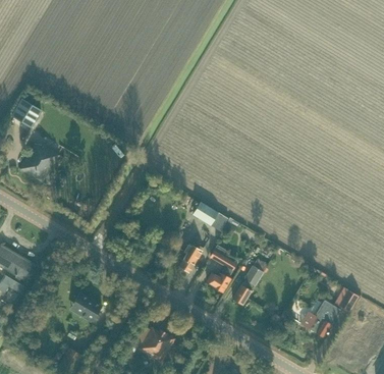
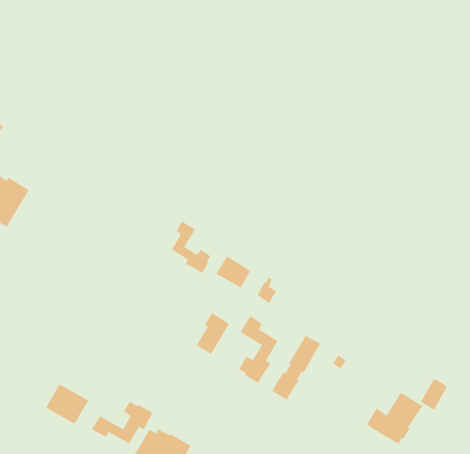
building: none -> [171,221,211,274]
building: none -> [91,401,153,444]

